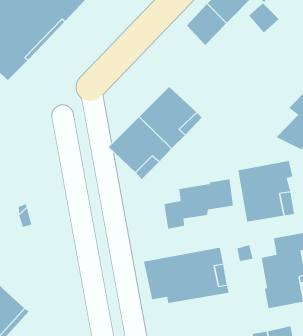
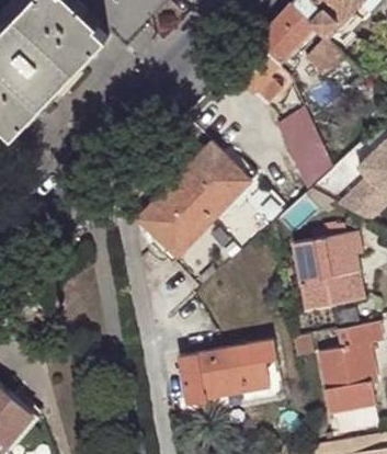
building: none -> [275,107,334,193]
building: [164,178,234,229] -> none

